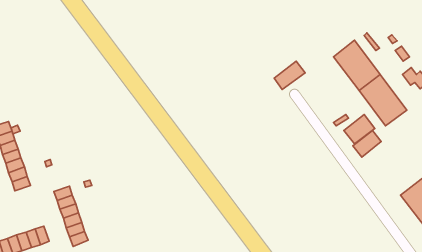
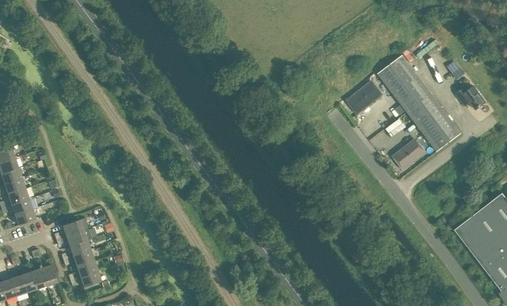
building: [274,61,305,90] -> [346,82,381,114]
building: [353,130,381,157] -> none

